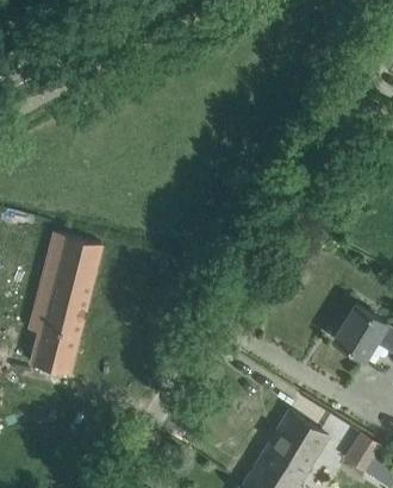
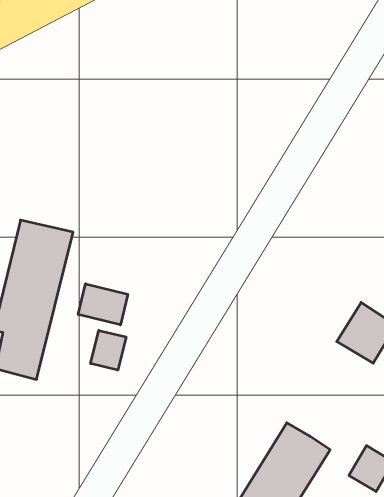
building: none -> [78,284,128,325]
building: none -> [91,330,126,370]

